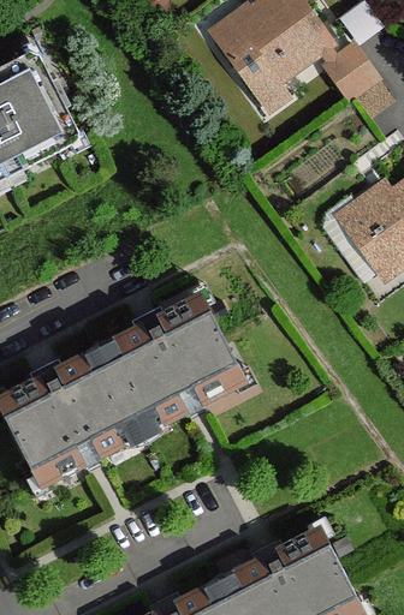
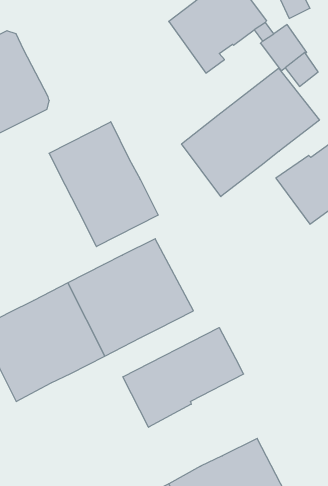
building: none -> [182,68,319,197]
building: none -> [49,122,158,247]
building: none -> [123,328,244,427]

